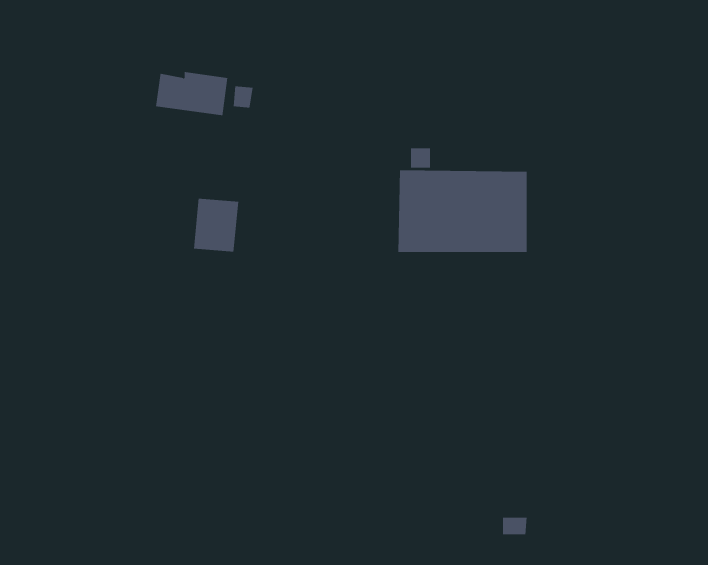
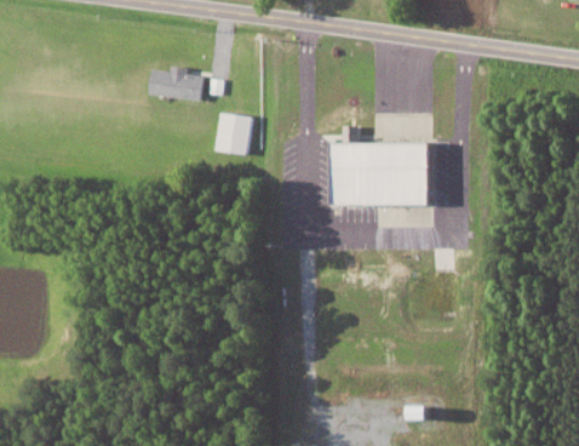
building: [193,198,239,252] -> [214,113,250,154]

